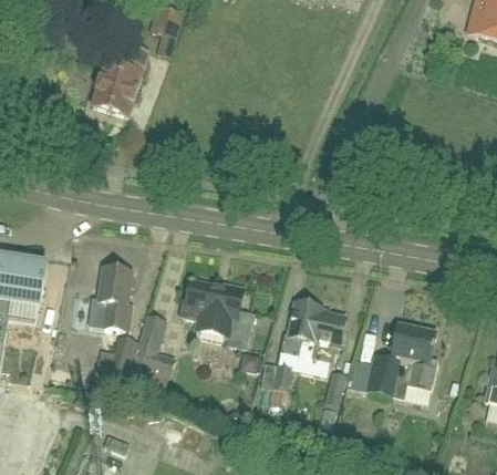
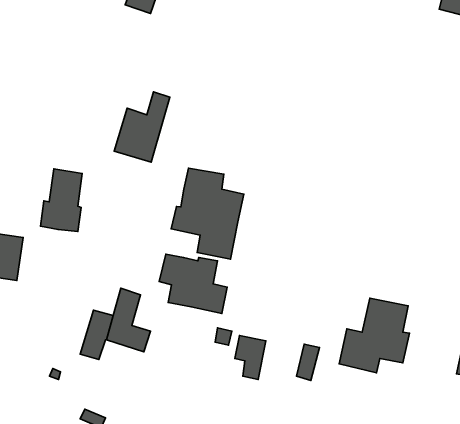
building: [92,44,148,115] -> [114,92,170,162]
building: none -> [171,168,244,259]
building: [90,265,132,328] -> [41,169,82,232]
building: [280,300,345,361] -> none

